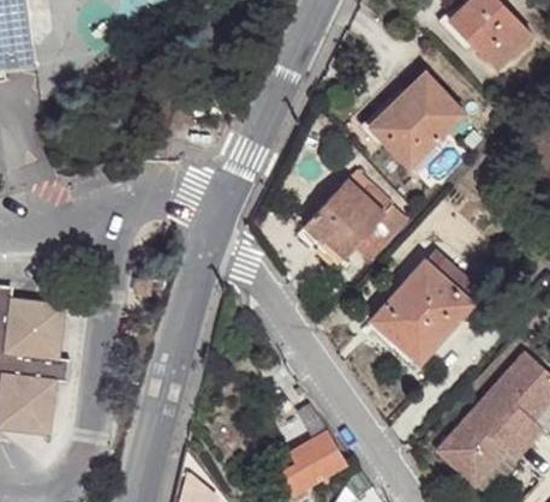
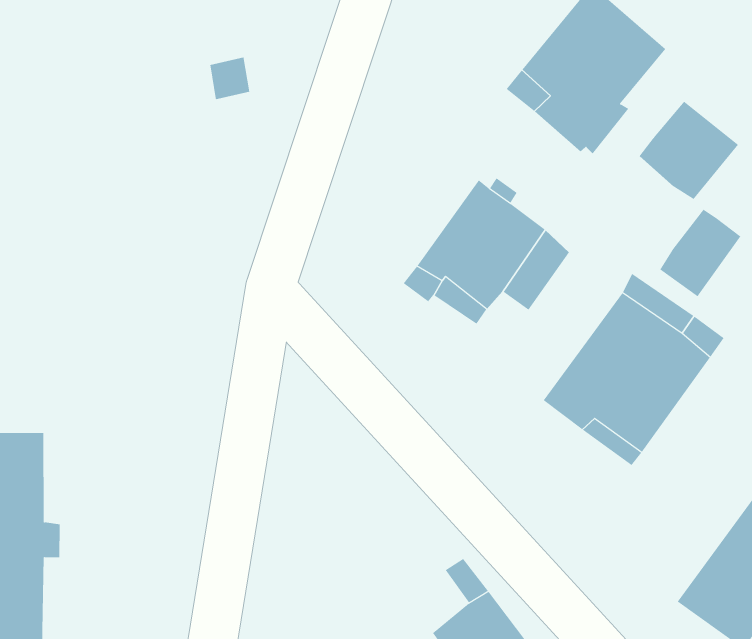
building: none -> [639,101,739,200]
building: none -> [660,209,741,297]

